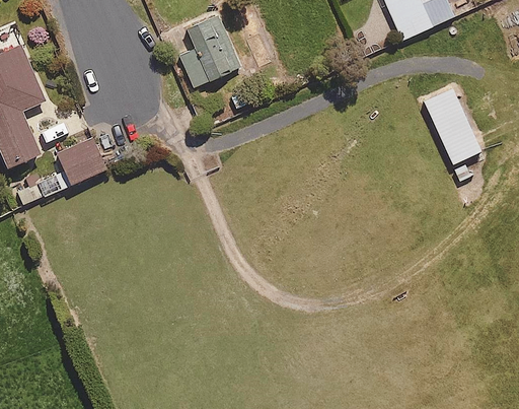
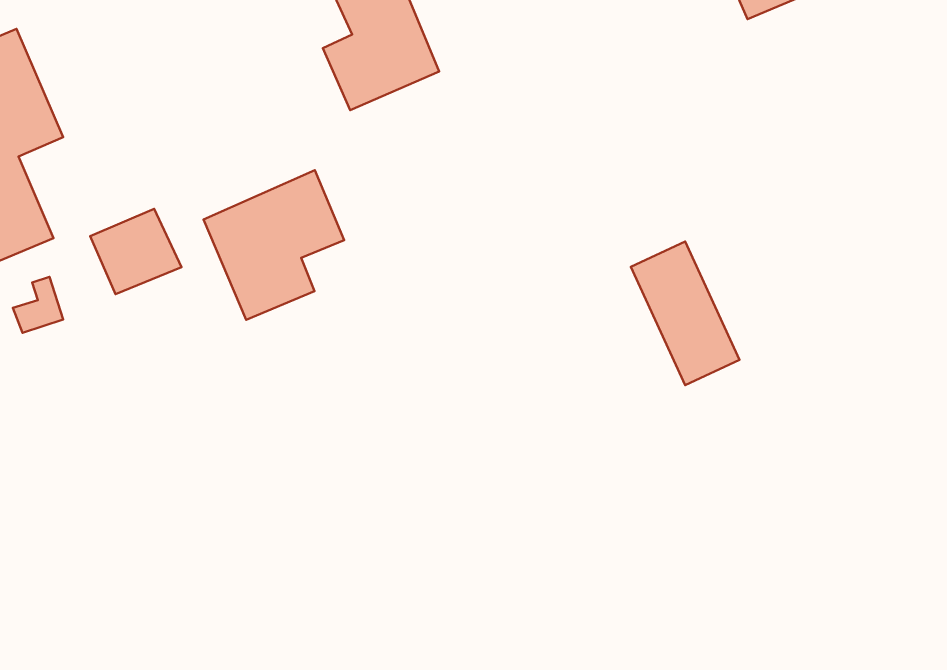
building: [424,88,480,163] -> [631,242,739,385]
building: none -> [203,170,344,320]

